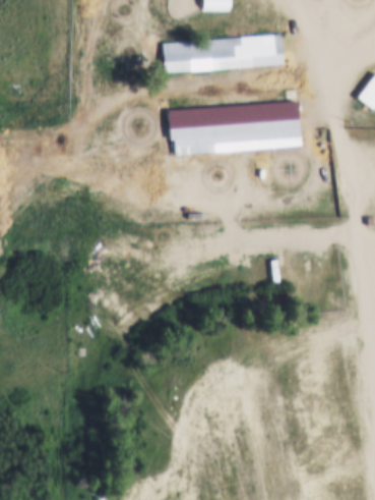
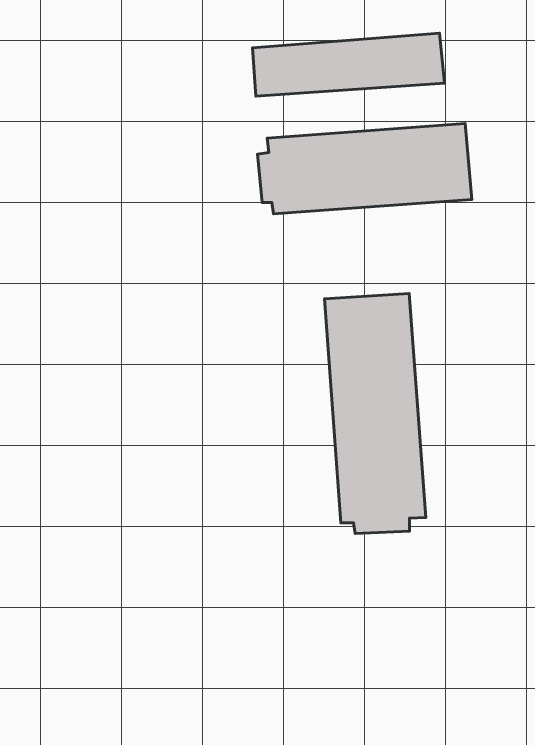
building: none -> [324,294,426,534]

